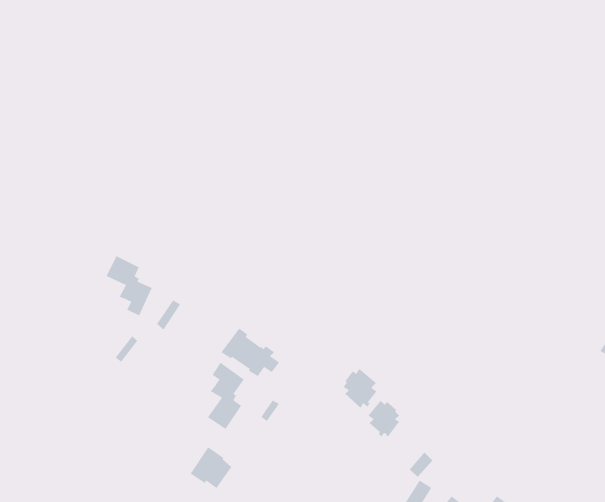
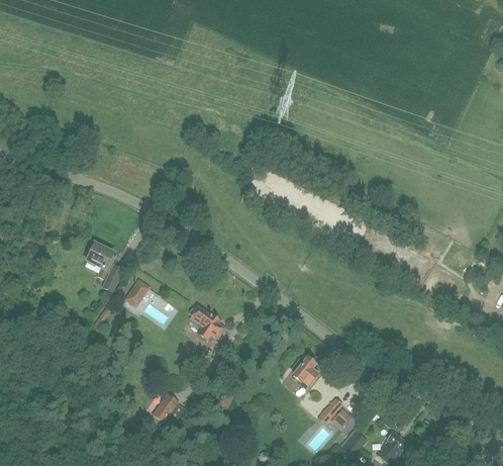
building: [207,362,245,430] -> none
building: [343,368,377,409] -> none

